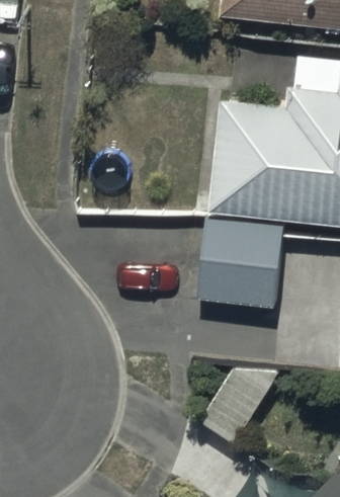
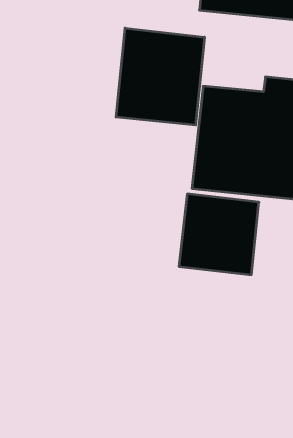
building: none -> [116,28,204,125]

